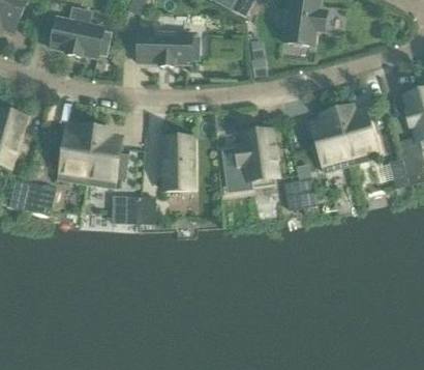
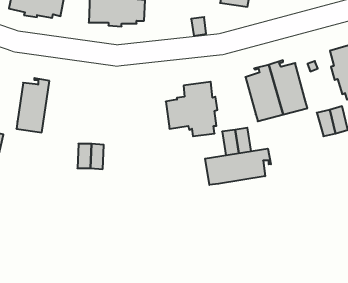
building: [86,125,127,187] -> none
building: [159,135,193,189] -> none
building: none -> [205,149,271,185]

